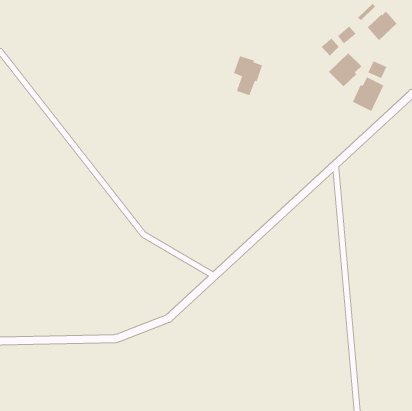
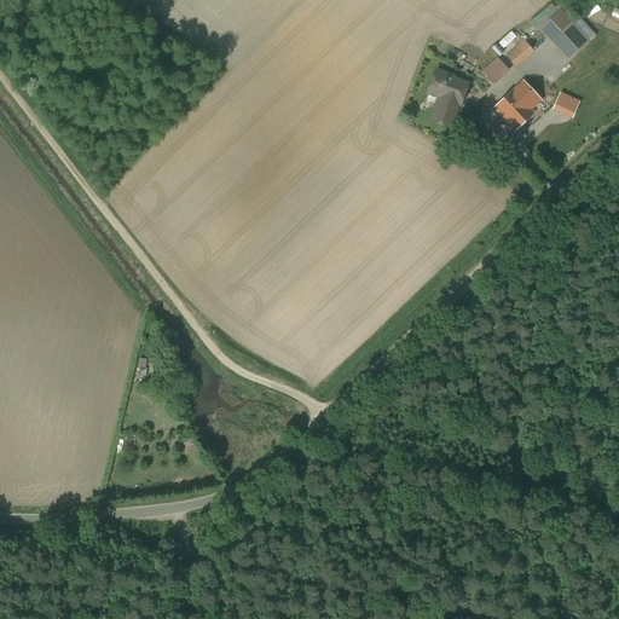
building: [233,56,263,96] -> [424,66,469,127]
building: [352,77,384,112] -> none

